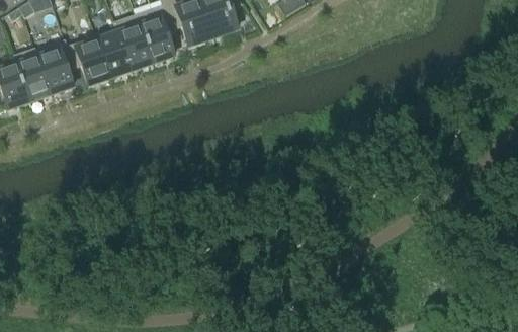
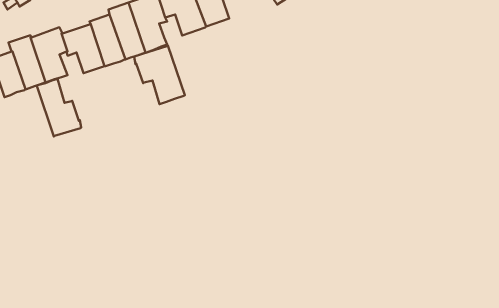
building: none -> [134,46,185,104]
building: none -> [37,79,81,136]

